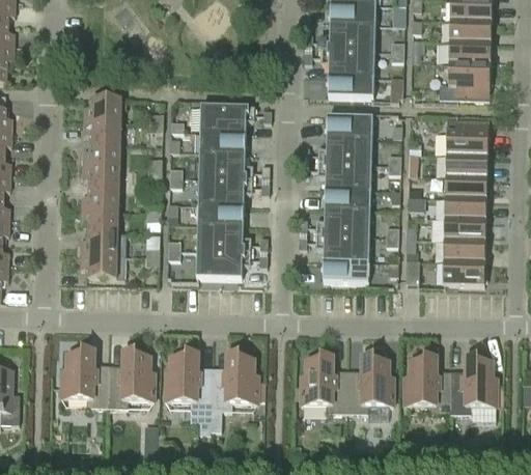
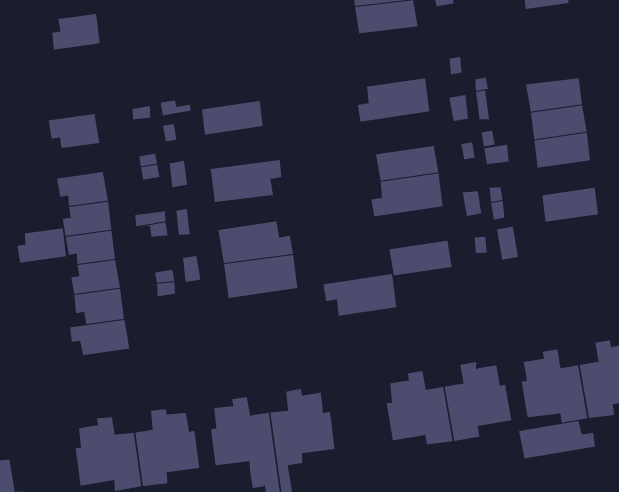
building: [84,96,121,120] -> [52,14,101,50]
building: [200,104,254,132] -> none
building: [327,114,372,136] -> none
building: [446,118,488,156] -> none
building: [83,142,120,165] -> [17,228,67,263]
building: [199,150,253,178] -> none
building: [317,161,371,188] -> none
building: [197,202,244,224] -> none
building: [444,218,485,240] -> none
building: [315,233,369,260] -> [322,274,397,316]
building: [443,259,484,284] -> none
building: none -> [69,319,130,356]
building: none -> [518,420,596,459]

